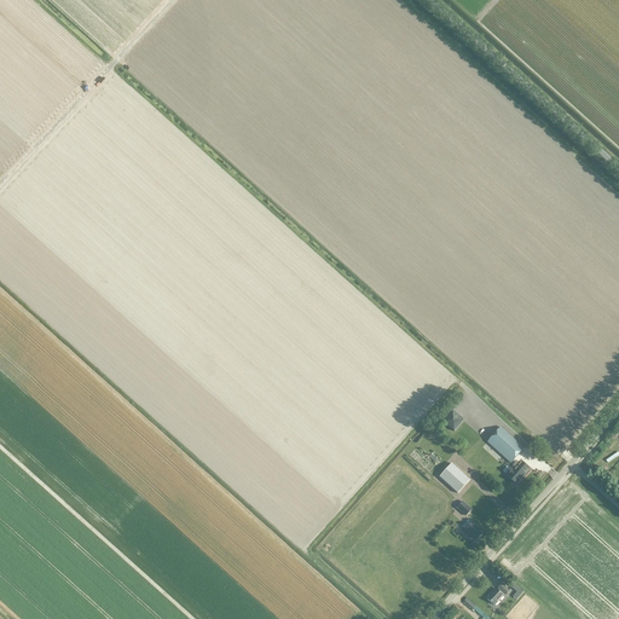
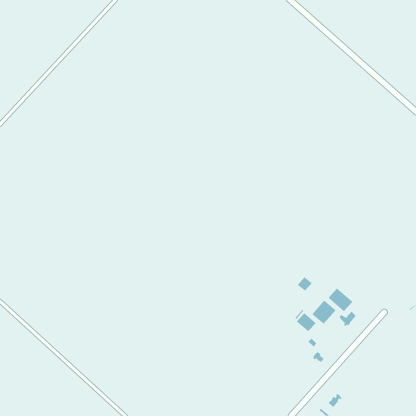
building: none -> [312,300,337,325]

